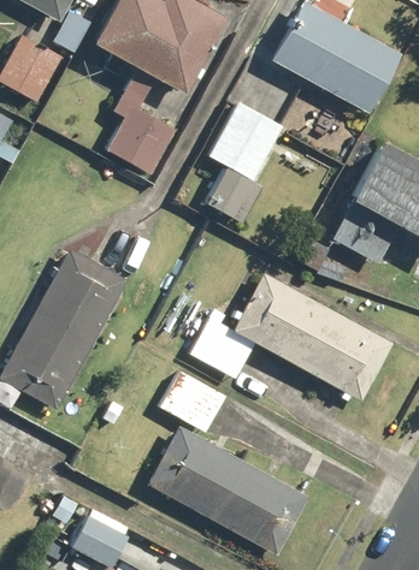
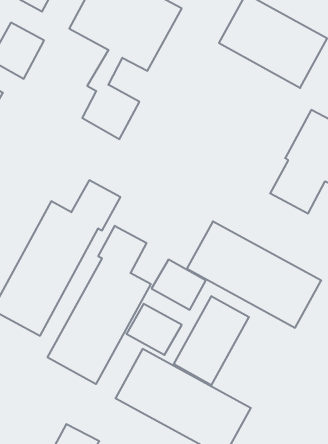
building: [206,102,284,222] -> none
building: none -> [48,226,151,384]
building: none -> [174,296,249,385]

